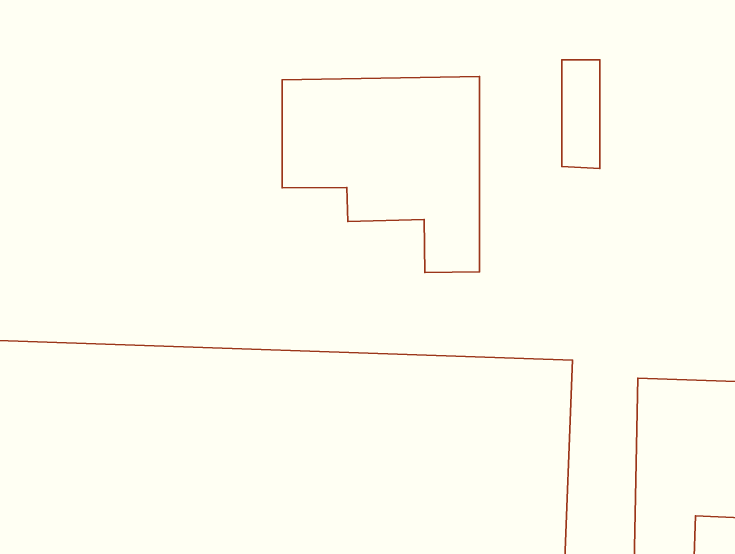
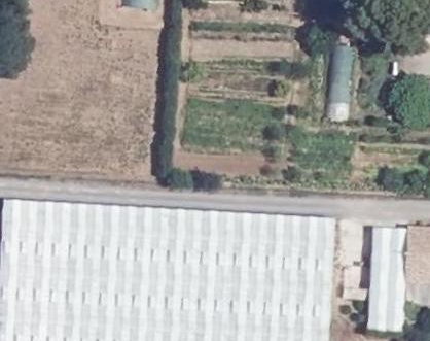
building: [282,77,480,273] -> none

